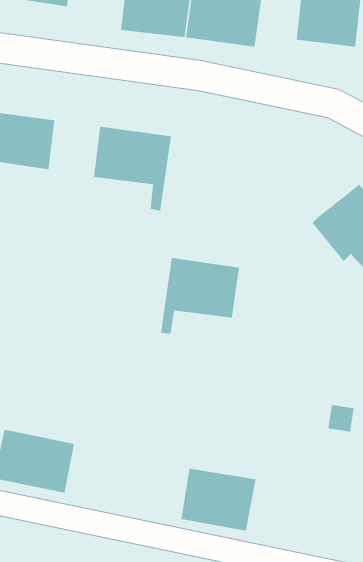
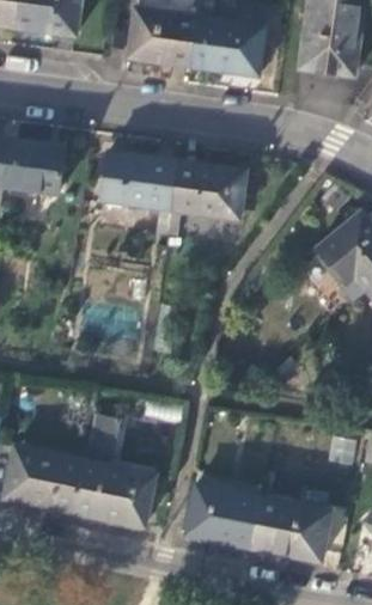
building: [160,257,240,335] -> [167,163,245,238]
building: none -> [74,416,154,526]
building: none -> [251,497,330,561]

